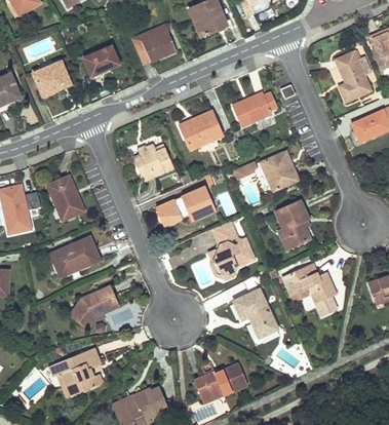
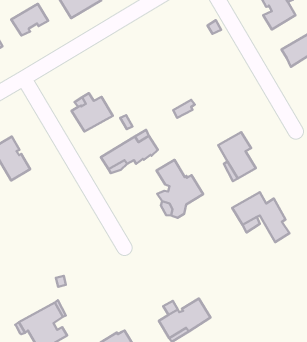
building: [232,91,278,127] -> none
building: [179,111,222,150] -> none
building: [261,152,298,190] -> none
building: [51,237,100,273] -> none
building: [69,285,122,329] -> none
building: [233,288,278,338] -> none

